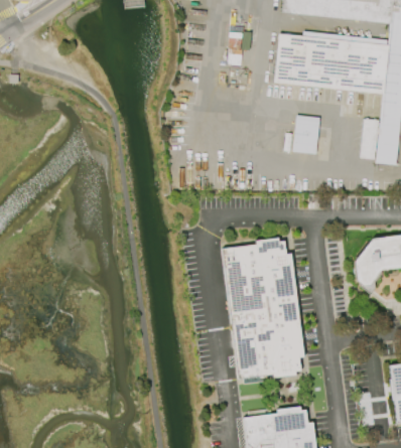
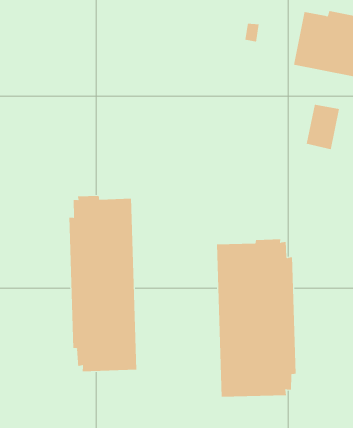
building: none -> [69,195,137,372]

